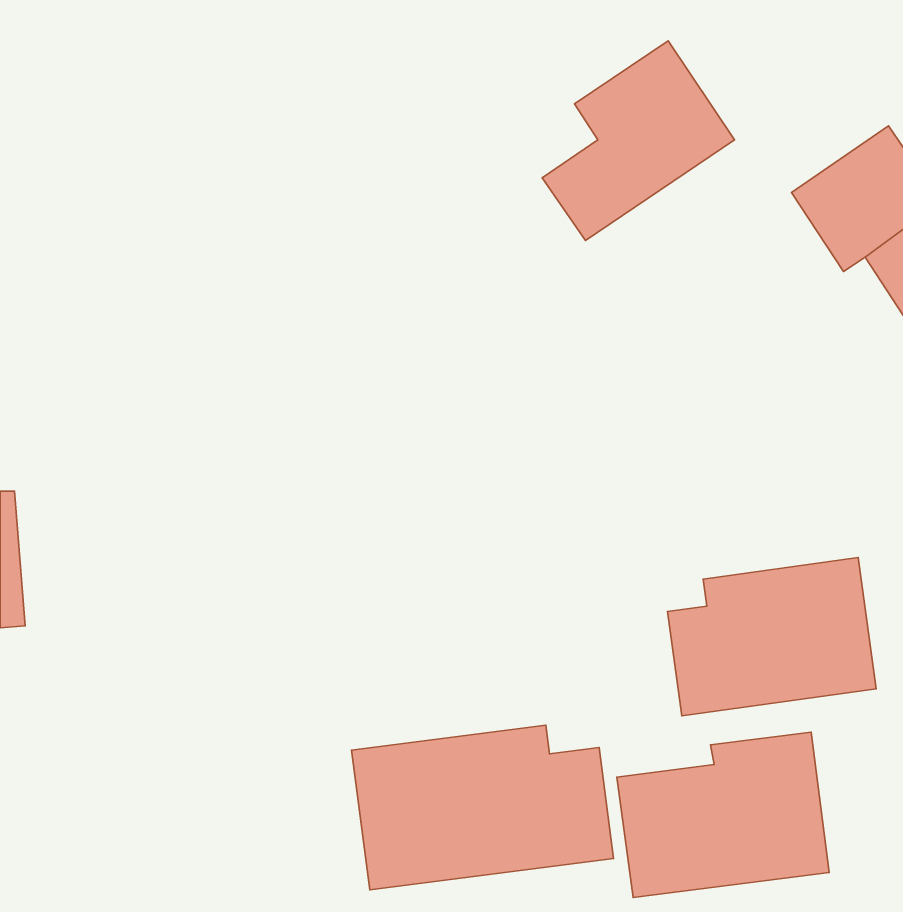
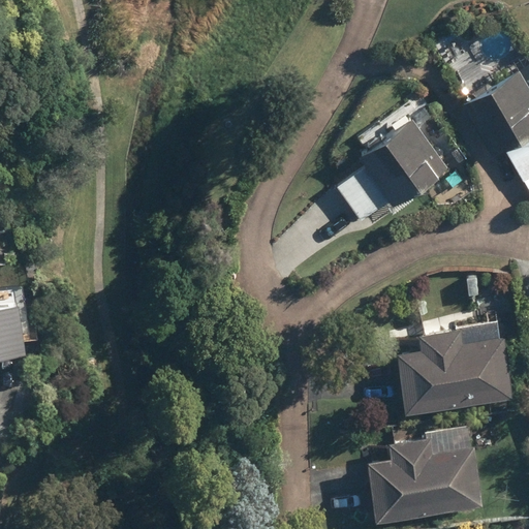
building: [542,41,735,241] -> [340,111,450,225]
building: [351,725,614,890] -> none

